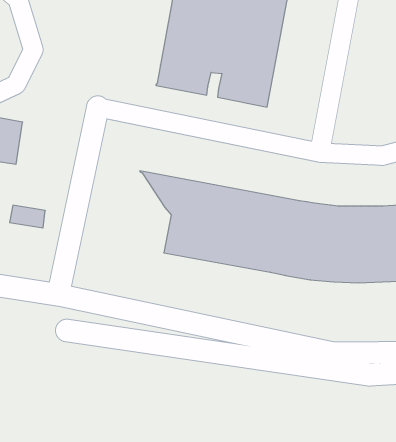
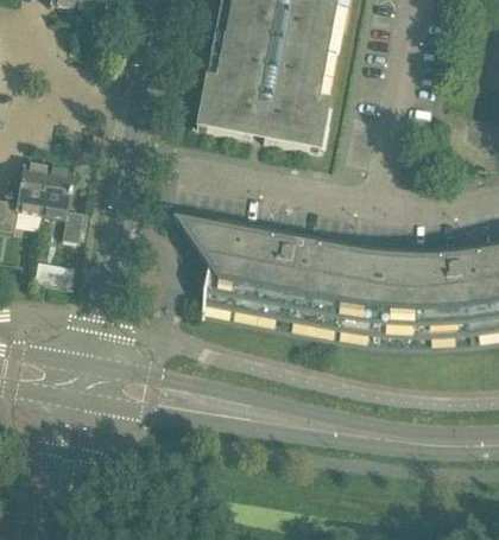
building: none -> [40,161,82,234]

